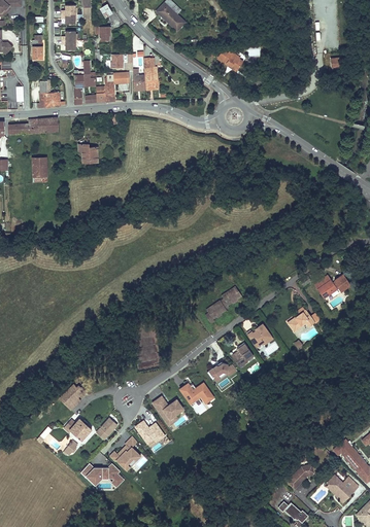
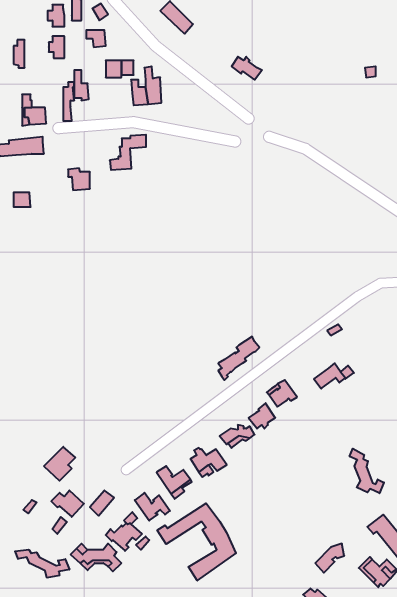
building: [96,72,127,102] -> [110,135,146,170]
building: [314,274,350,297] -> none
building: none -> [350,449,384,493]
building: none -> [157,503,236,581]
building: none -> [15,550,69,578]

